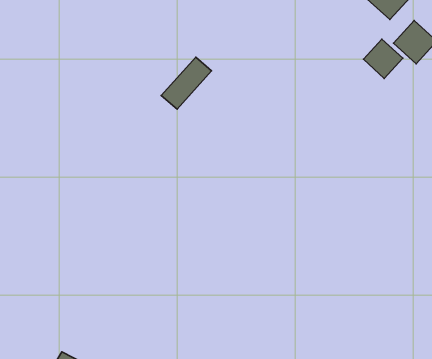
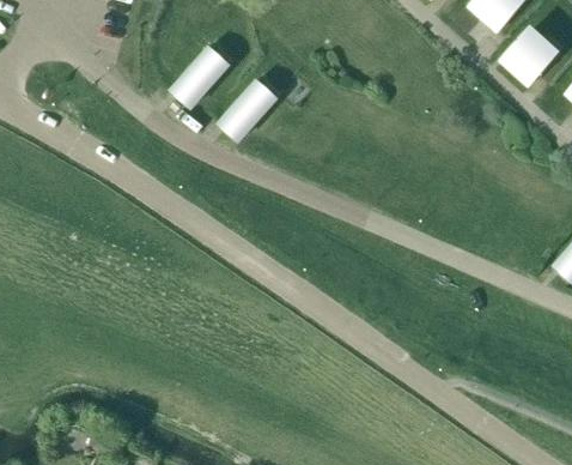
building: none -> [169,44,231,108]
building: [363,39,403,78] -> none

